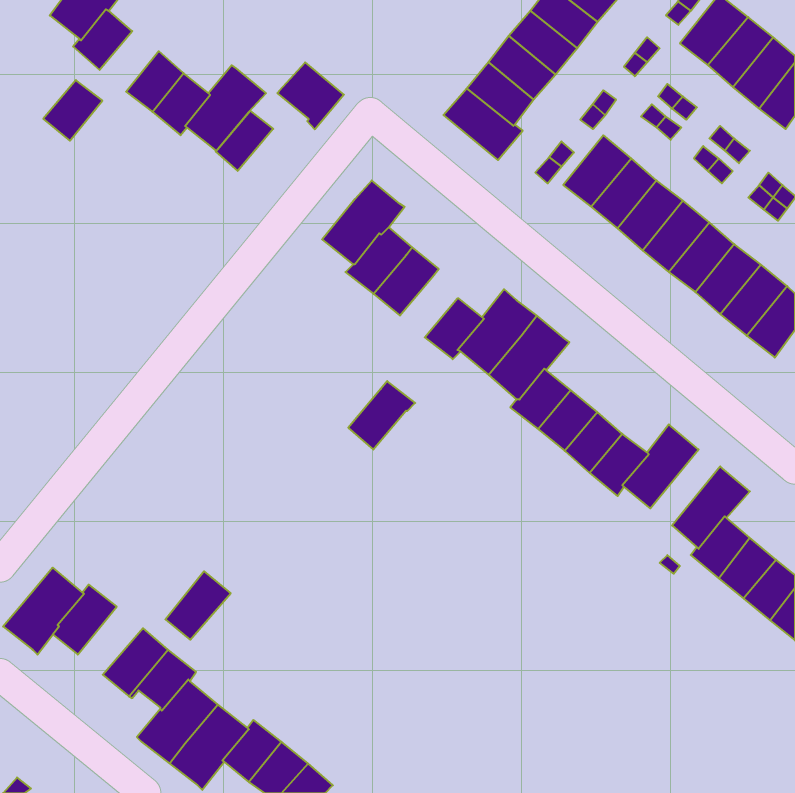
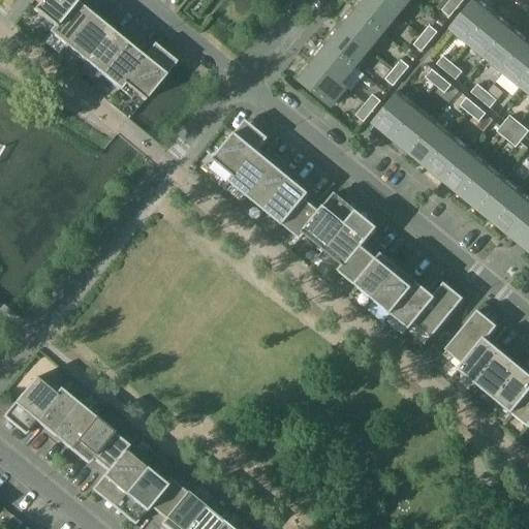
building: [277,62,344,129] -> none
building: [43,80,102,141] -> [66,21,105,61]
building: [216,111,273,171] -> none
building: [348,381,415,450] -> [266,179,310,224]
building: [165,571,231,640] -> [52,403,95,448]

